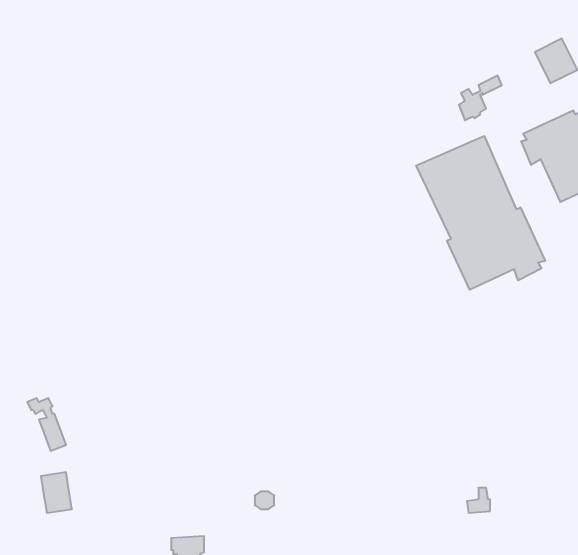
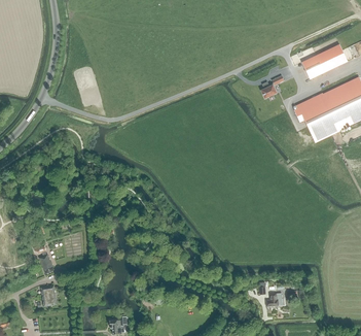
building: [416,136,545,290] -> none

